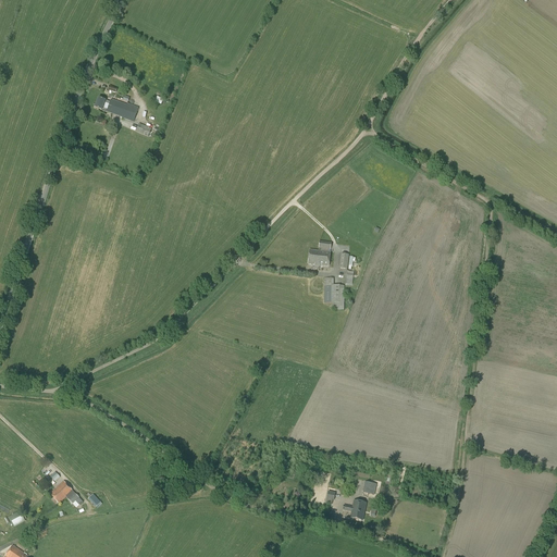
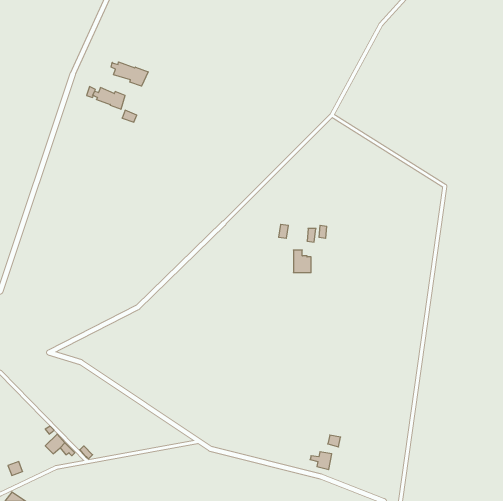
building: none -> [111,62,148,86]

